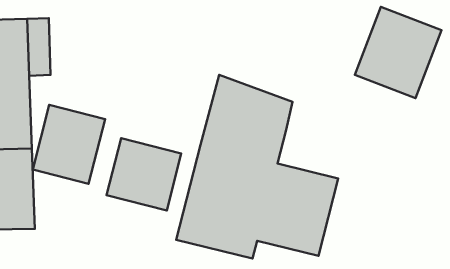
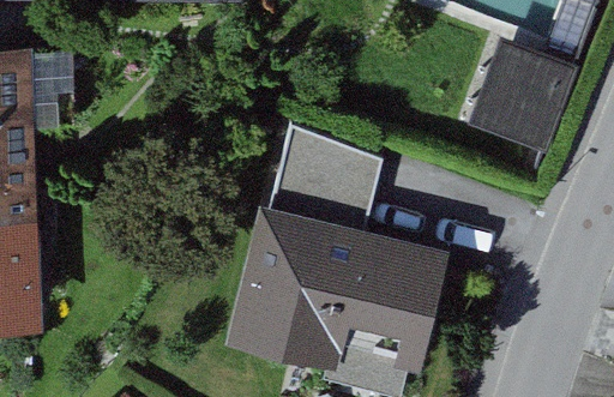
building: [33,105,105,184] -> none
building: [107,138,181,210] -> none

